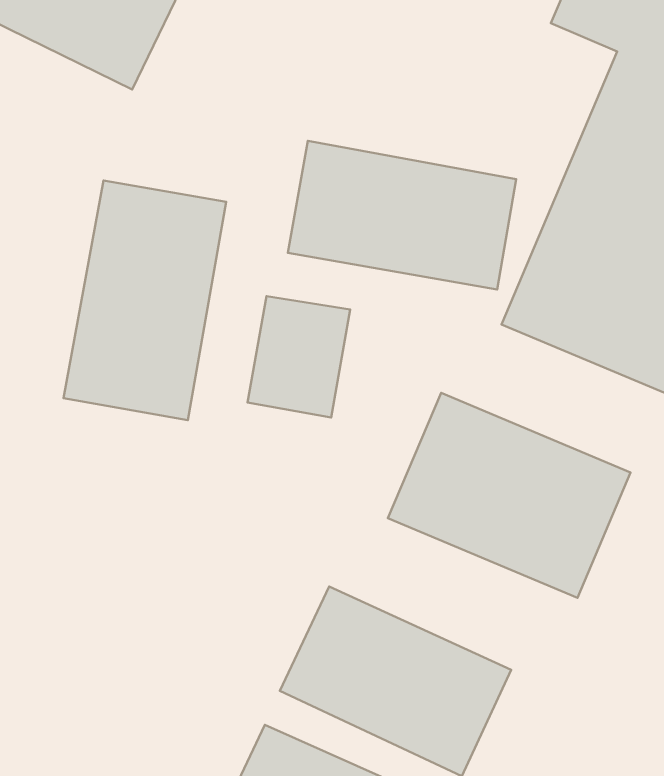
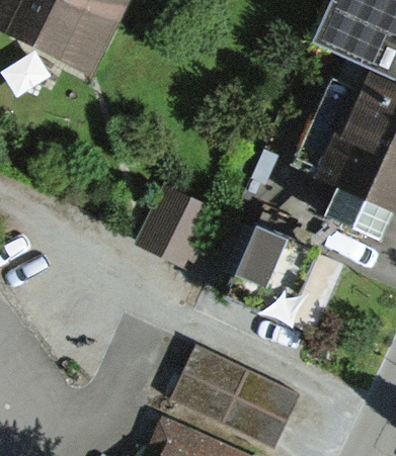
building: [288,141,516,289] -> none
building: [64,181,226,420] -> none

